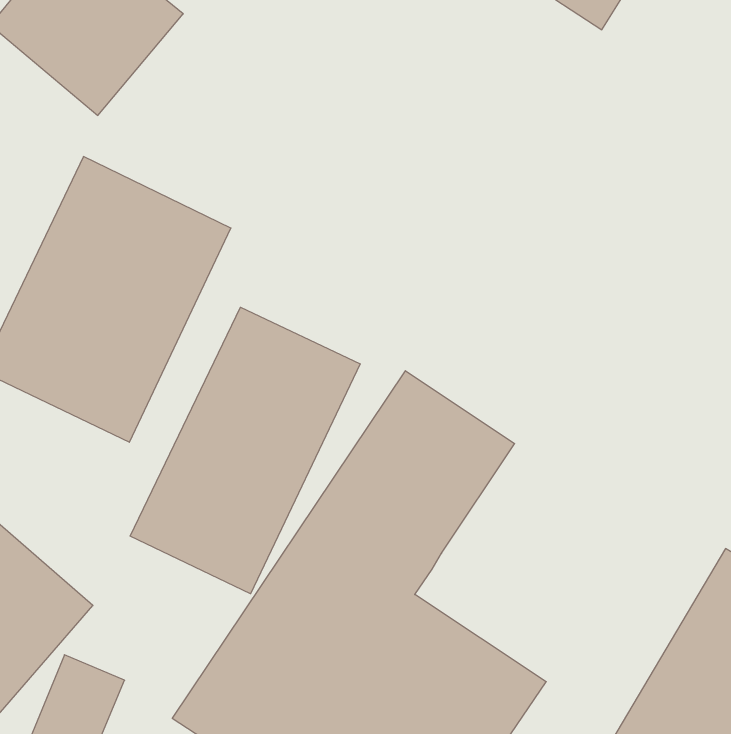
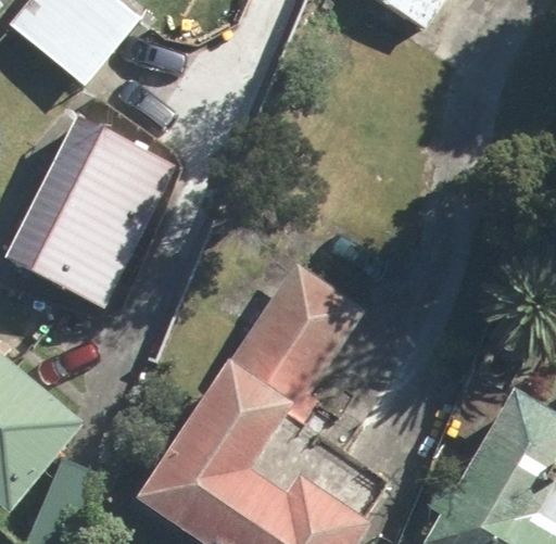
building: [130,307,360,594] -> none

